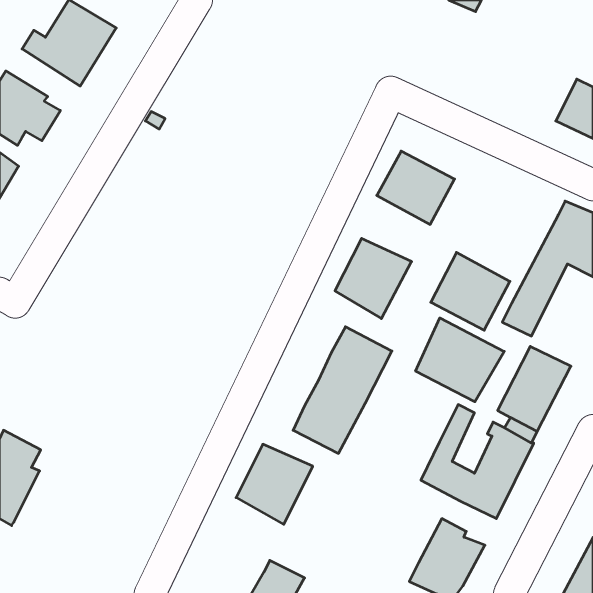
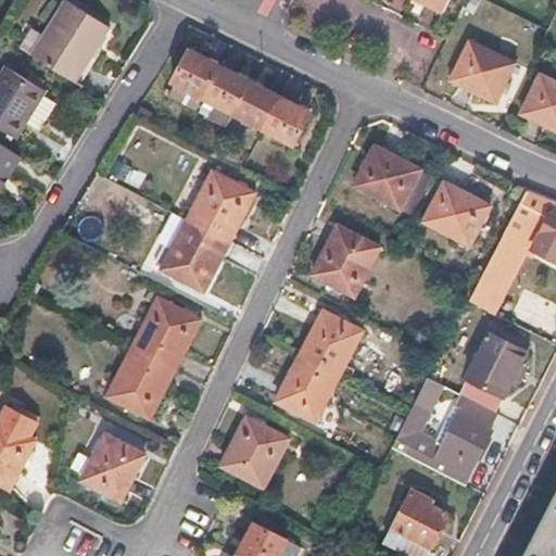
building: none -> [450,41,514,101]
building: none -> [168,46,315,144]
building: none -> [159,166,260,292]
building: [431,252,510,330] -> [419,176,493,249]
building: none -> [104,294,201,417]
building: [416,318,504,402] -> none
building: none -> [78,432,147,503]

